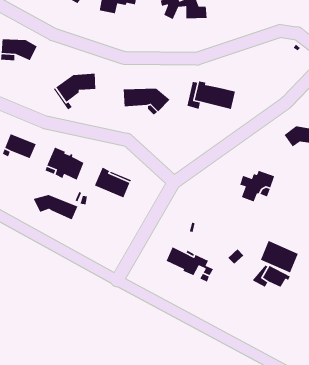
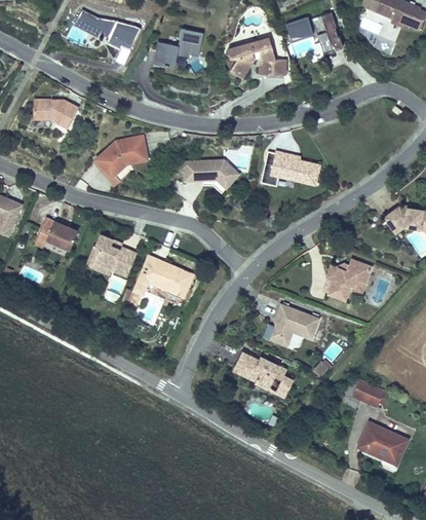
building: [32,194,78,221] -> none
building: none -> [273,305,321,347]
building: [260,240,299,273] -> [358,419,406,460]

